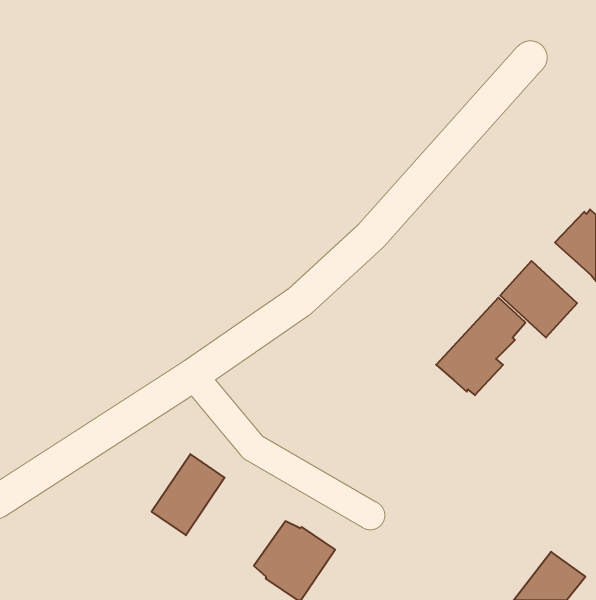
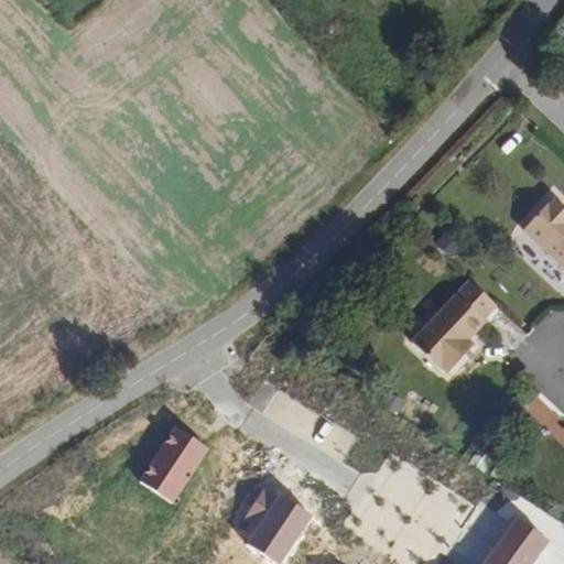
building: [500,261,577,338] -> none

